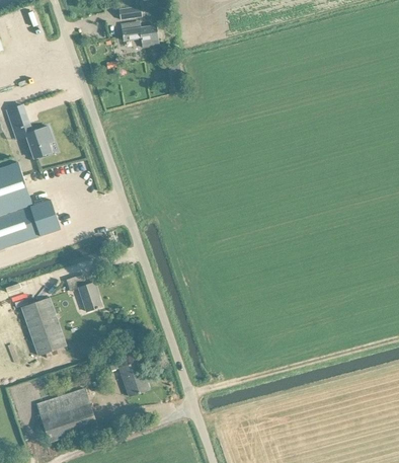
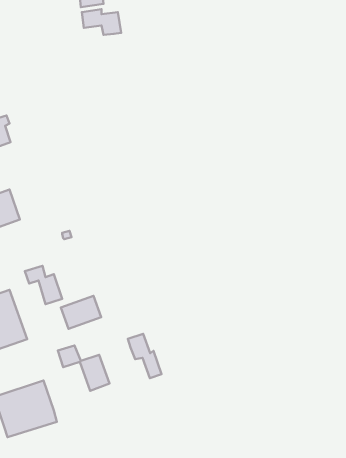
building: none -> [61,296,101,329]
building: none -> [128,334,161,378]

